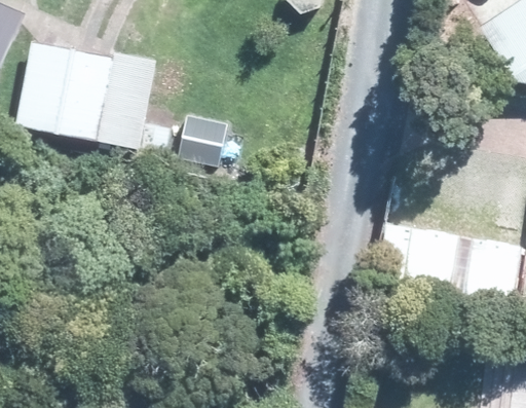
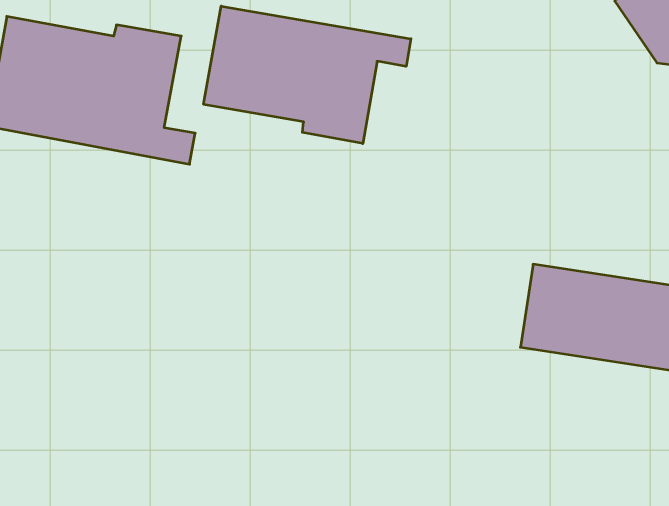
building: none -> [204,6,411,144]

